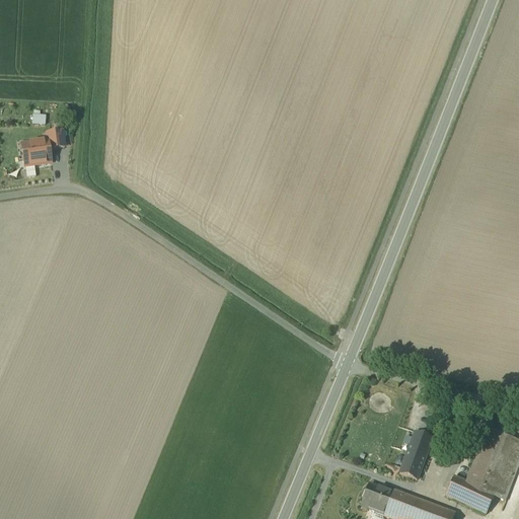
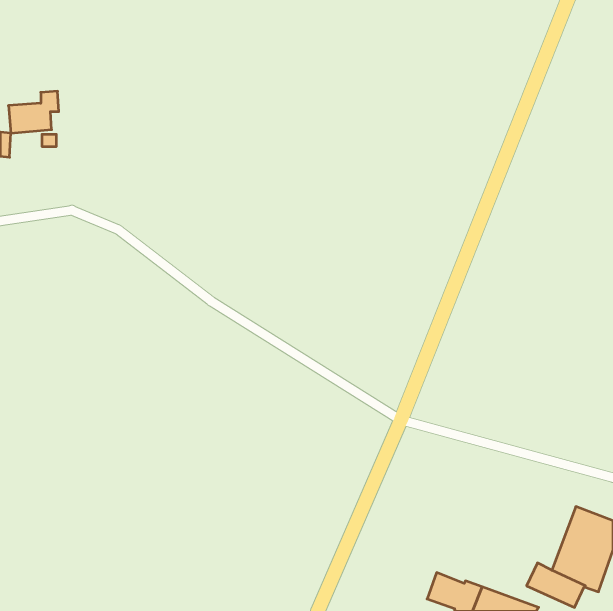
building: [21,130,64,165] -> [8,91,59,133]
building: [400,433,431,478] -> none

